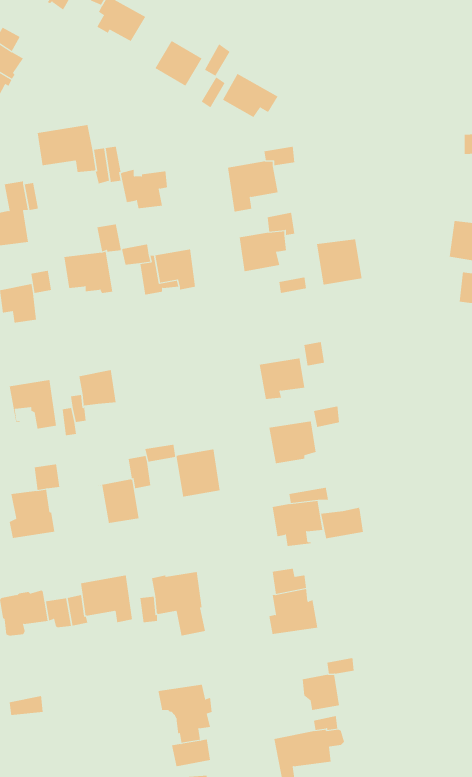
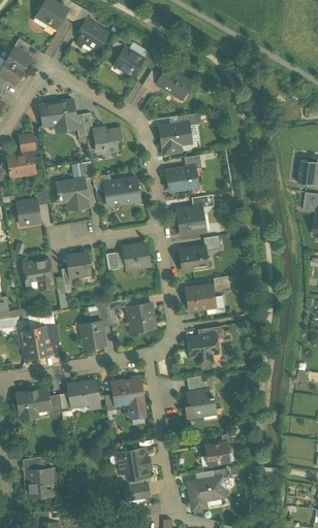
building: [316,239,363,285] -> [177,206,205,235]
building: none -> [123,243,150,269]
building: [320,507,364,539] -> none
building: none -> [25,468,57,499]

